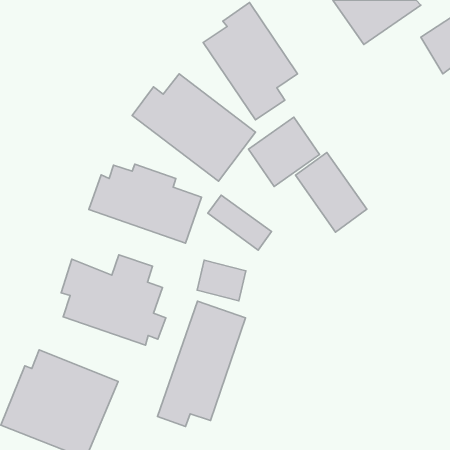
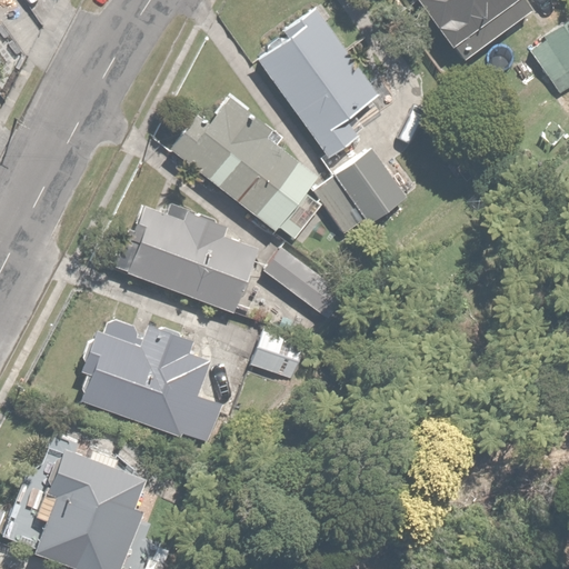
building: [296,152,367,232] -> none
building: [158,301,246,427] -> none

